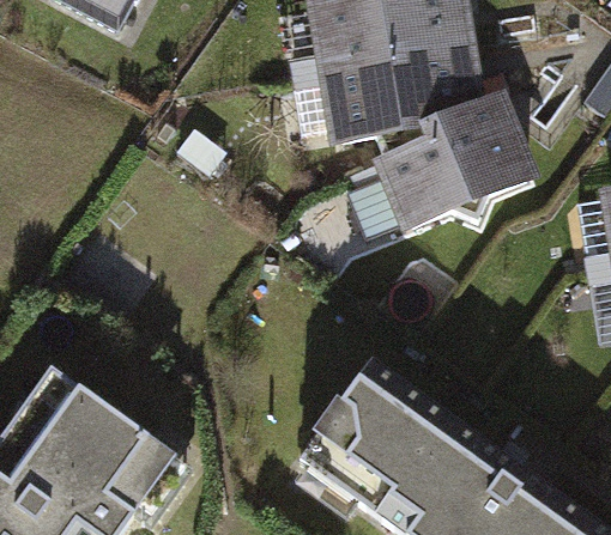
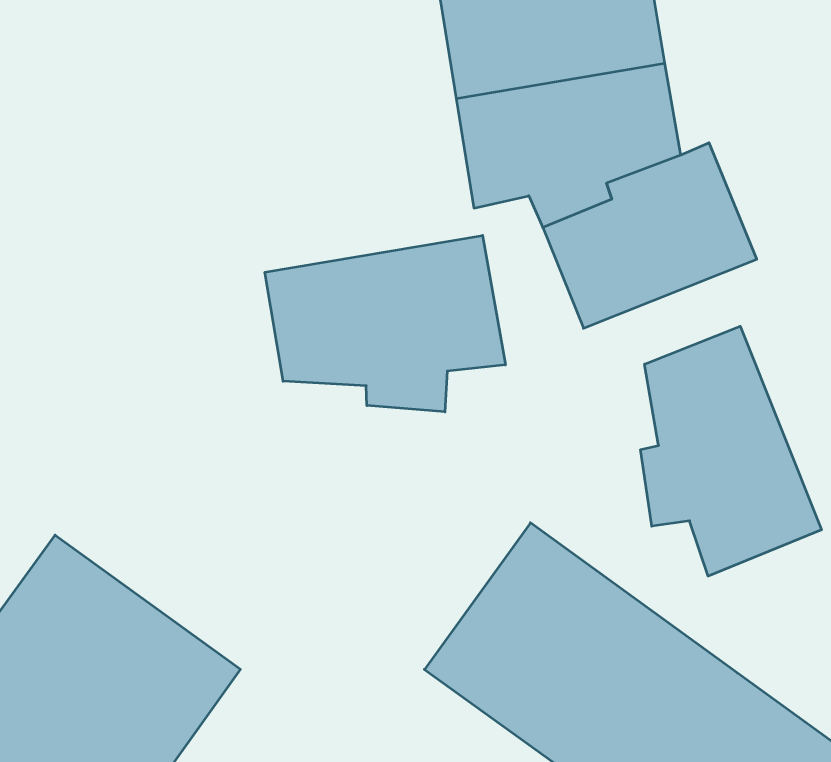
building: none -> [265,235,505,412]
building: none -> [641,326,821,576]

